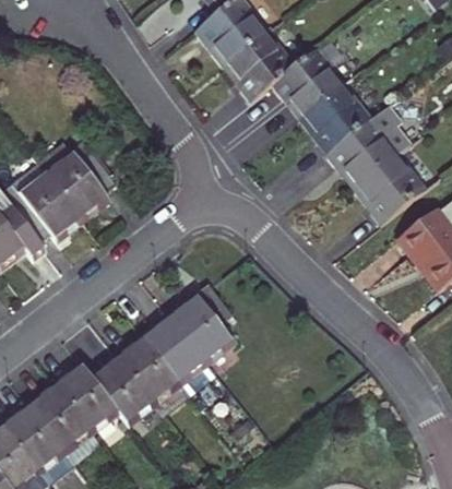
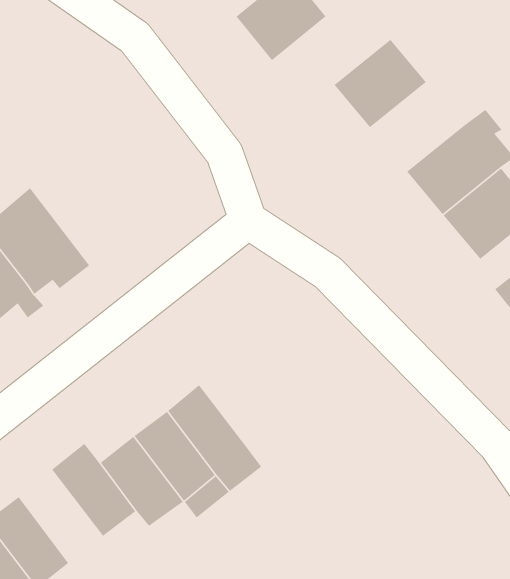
building: [223,29,294,99] -> none
building: [299,81,372,151] -> none
building: [34,132,112,224] -> none
building: [166,285,233,368] -> none
building: [25,383,91,456] -> none

